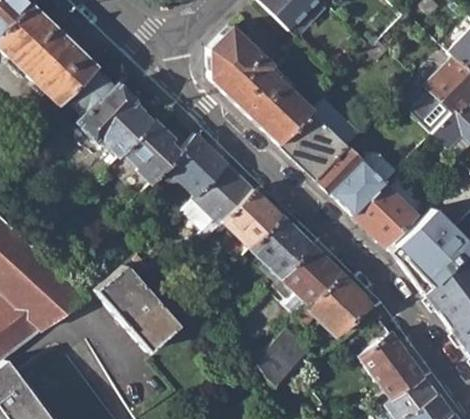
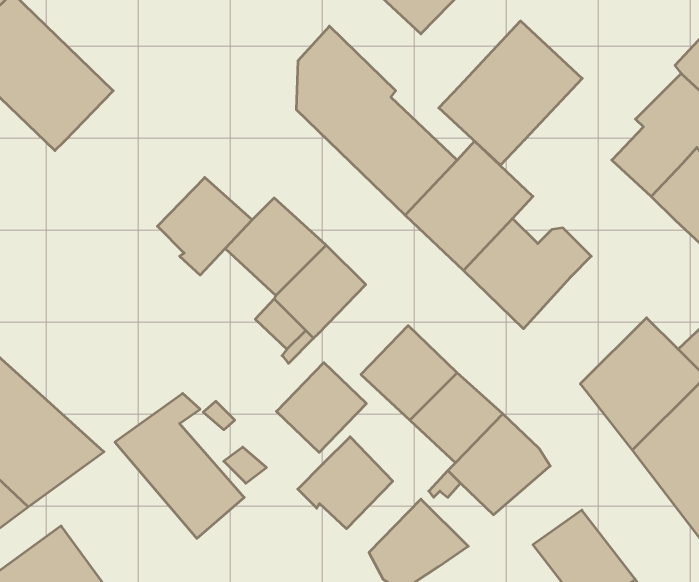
building: none -> [439,21,582,165]
building: [63,66,152,156] -> none
building: [354,184,416,248] -> none
building: [224,189,281,246] -> [276,363,366,452]
building: none -> [298,437,393,529]

